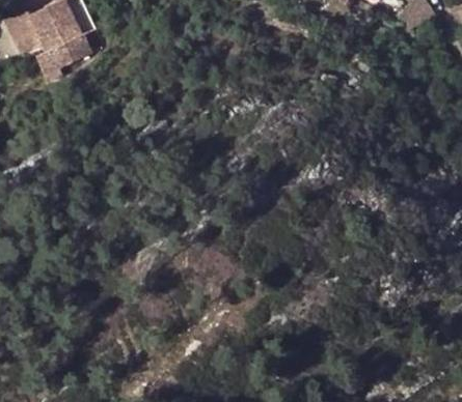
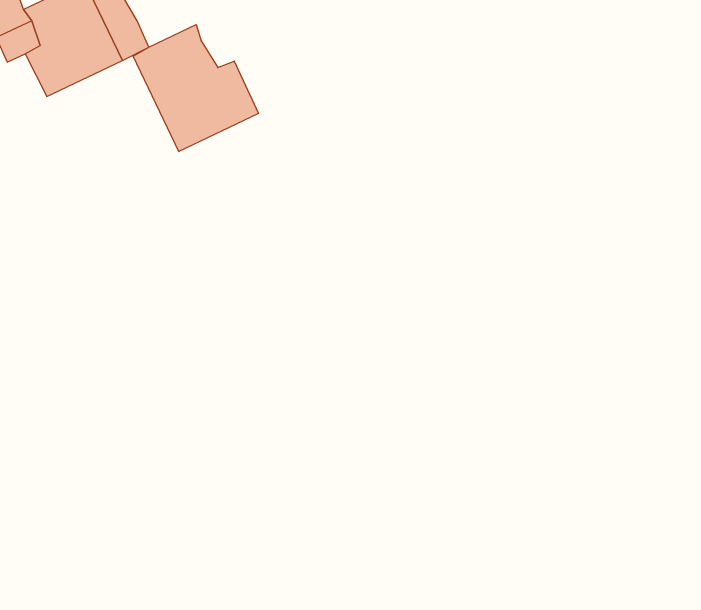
building: none -> [133,25,258,152]

